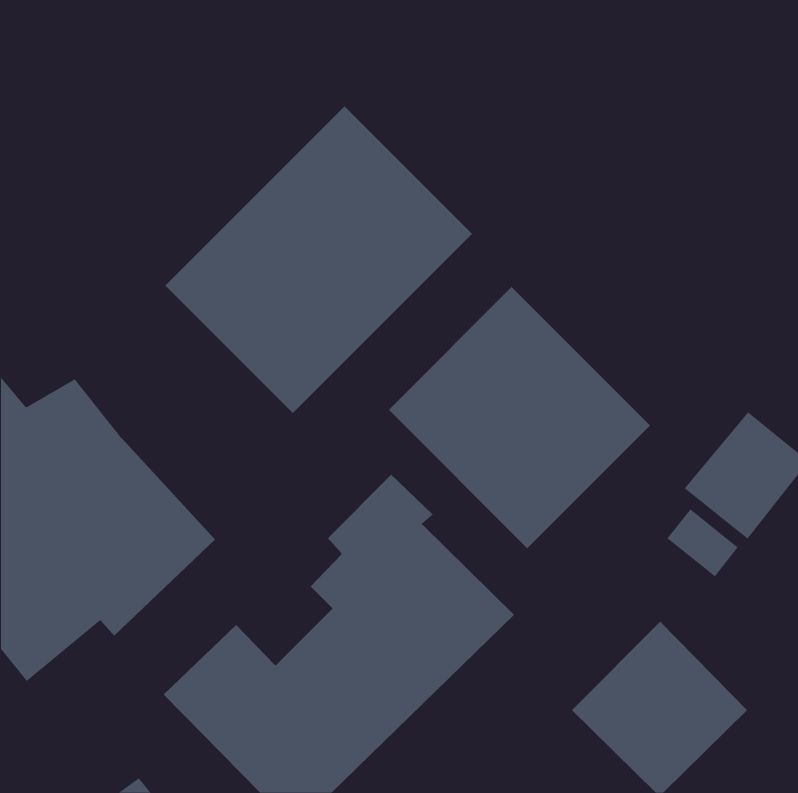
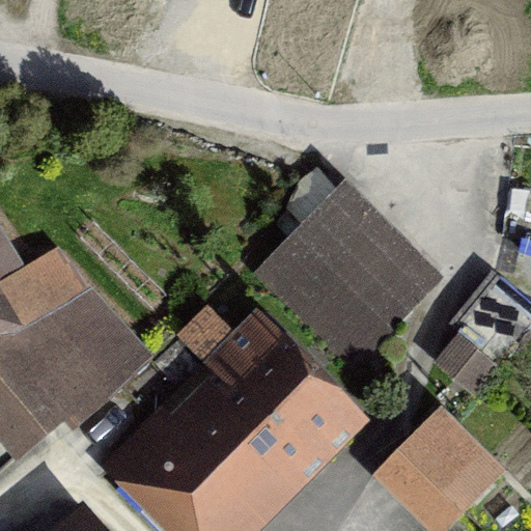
building: [165,106,473,414] -> none

